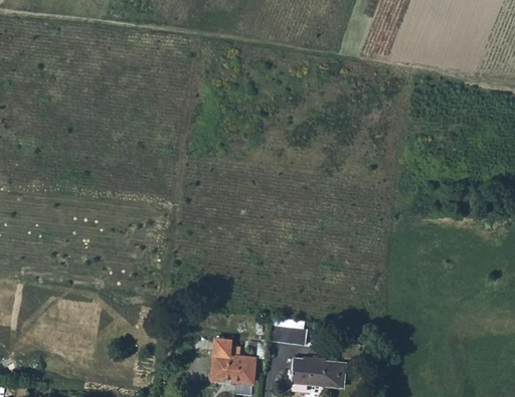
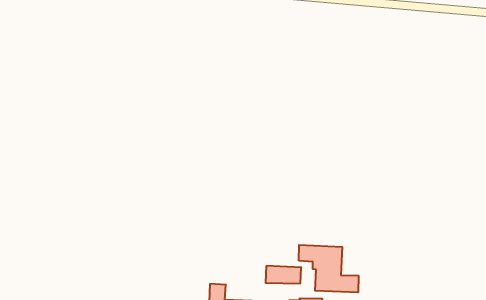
building: none -> [299,245,358,292]

